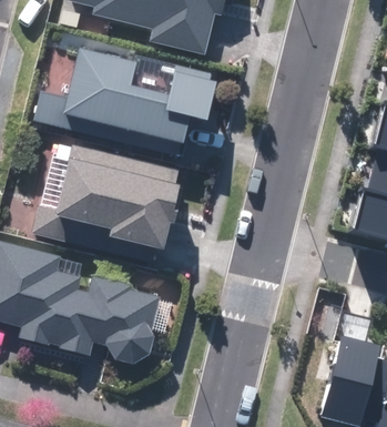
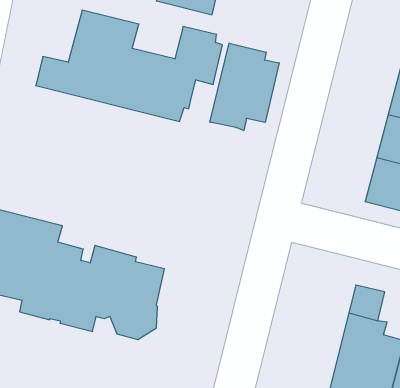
building: none -> [210,43,279,131]
building: [33,145,179,260] -> none

